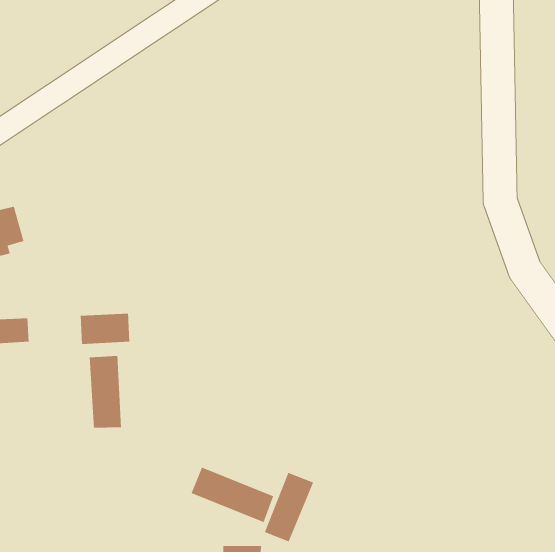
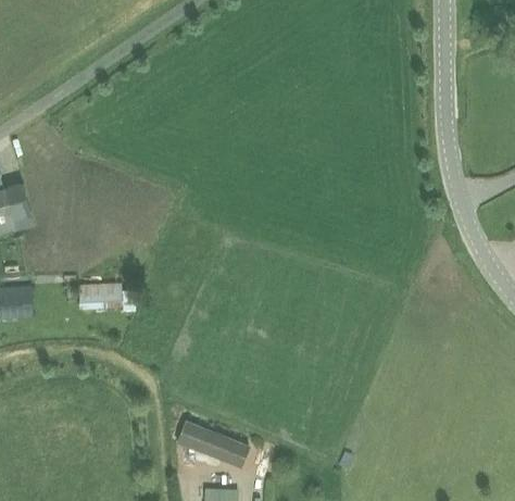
building: [89,355,122,429] -> none
building: [264,472,314,543] -> none

